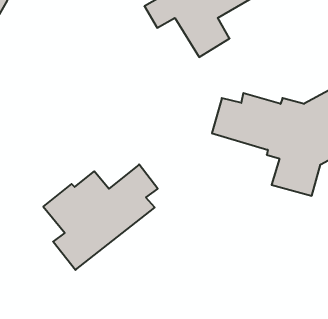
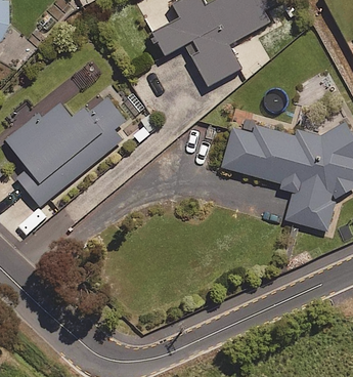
building: [43,164,158,270] -> [5,95,125,206]

